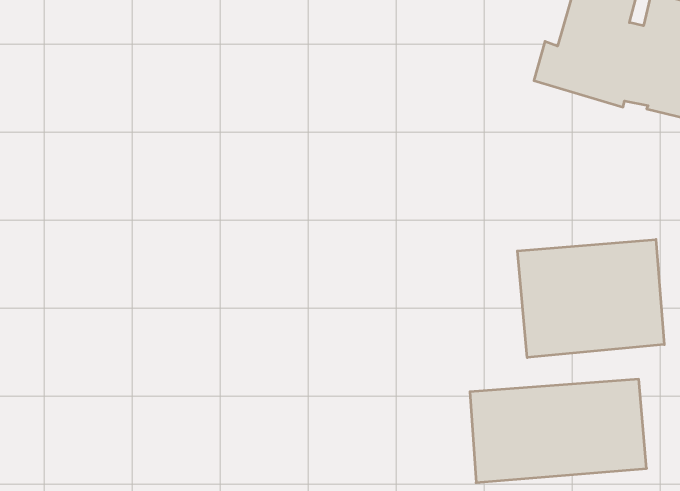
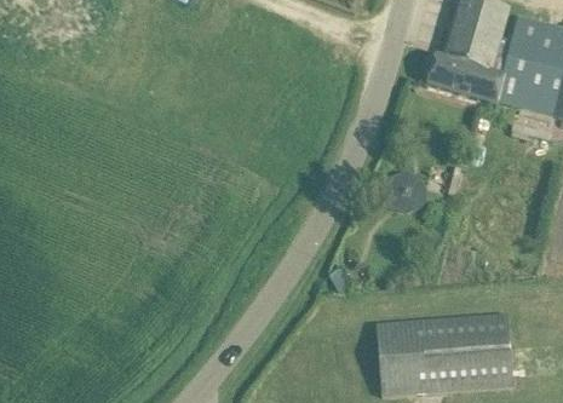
building: [517,239,664,358] -> none

